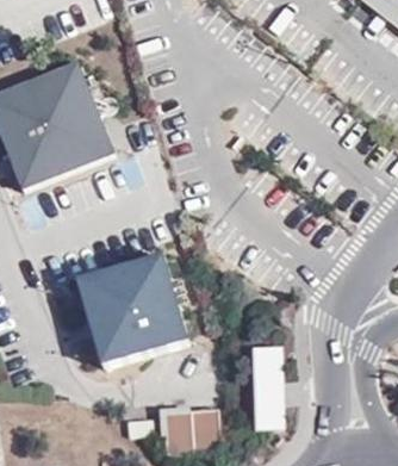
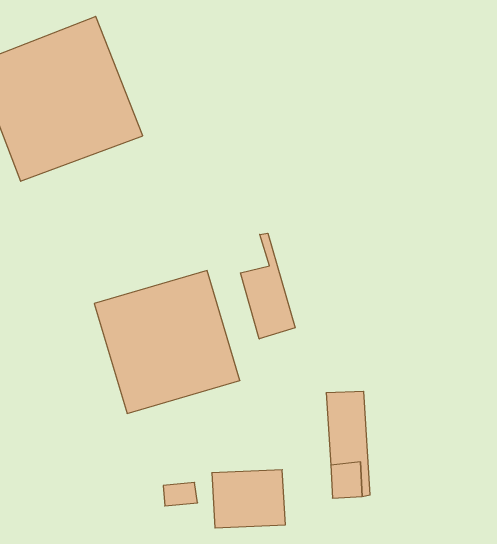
building: none -> [240,233,295,339]

